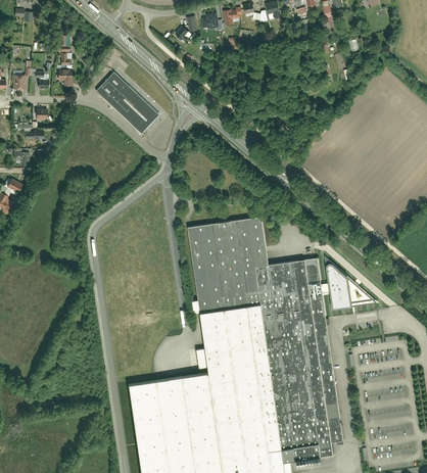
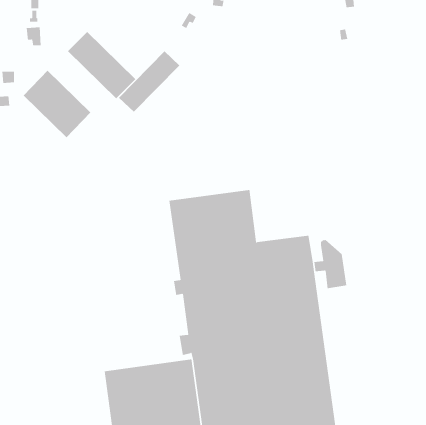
building: none -> [118,50,180,113]
building: none -> [23,70,91,138]

